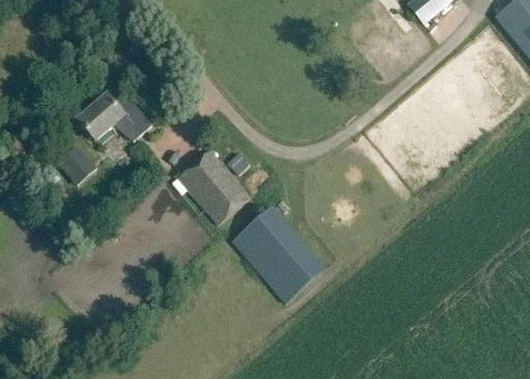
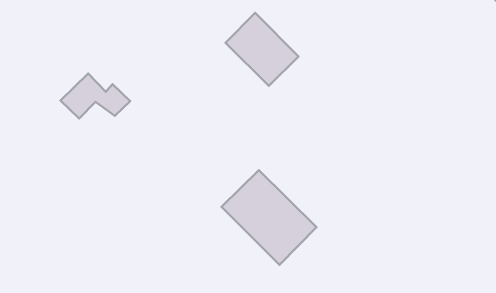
building: [57,144,90,176] -> none
building: [178,148,251,223] -> [226,13,299,86]

